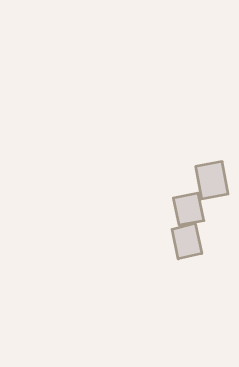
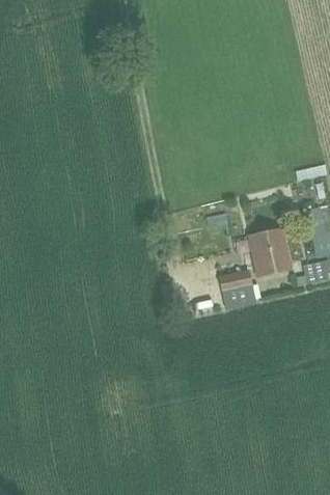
building: [172,223,202,259] -> none

